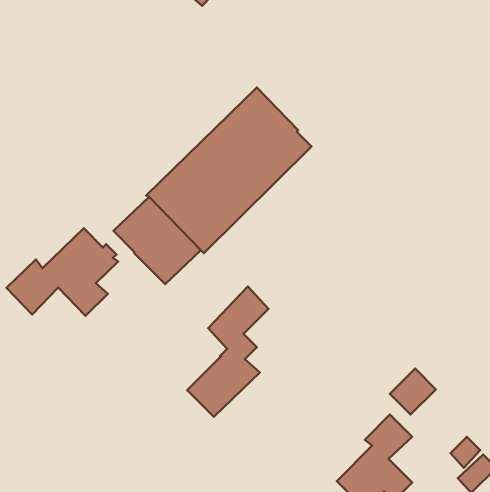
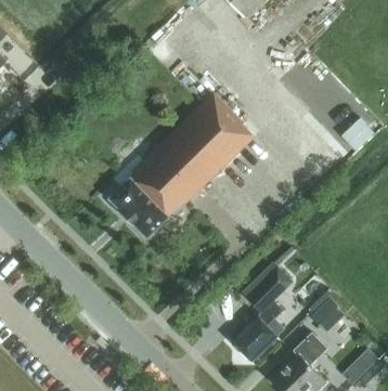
building: [7,228,118,316] -> none
building: [187,287,269,417] -> [232,264,292,360]

